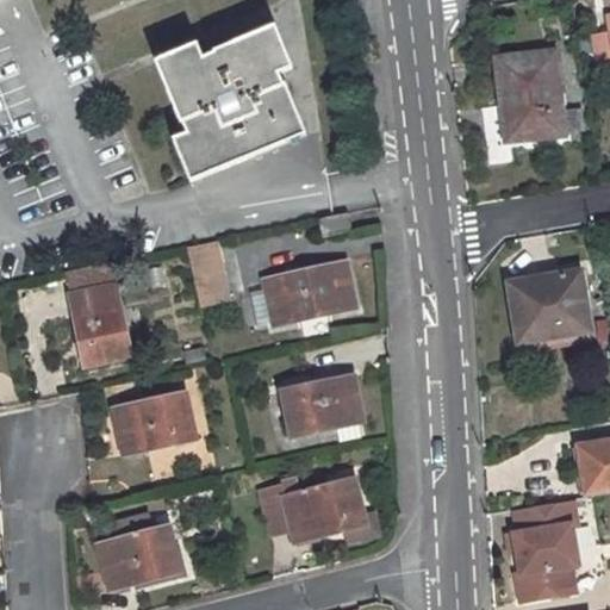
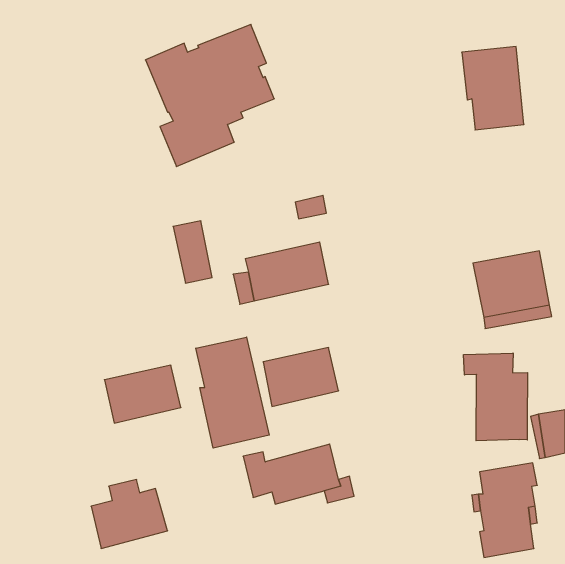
building: [244,106,304,152] -> none
building: [64,259,130,362] -> none
building: none -> [196,337,269,448]
building: none -> [464,353,527,441]

